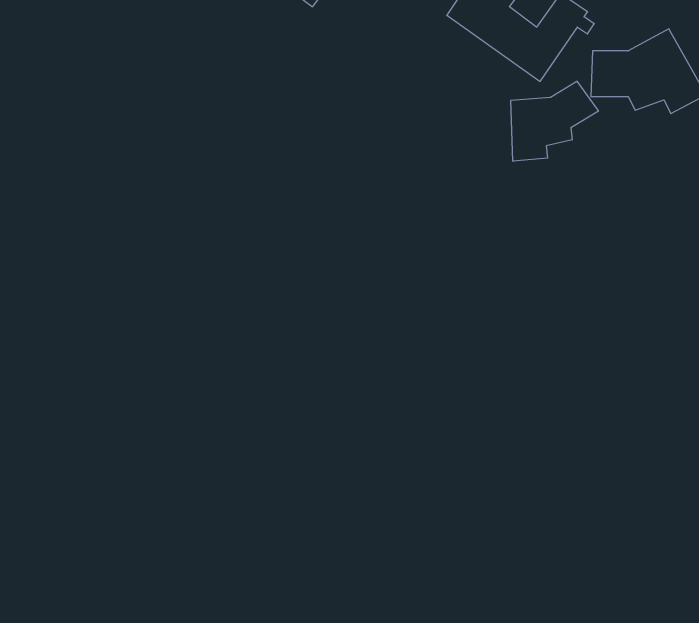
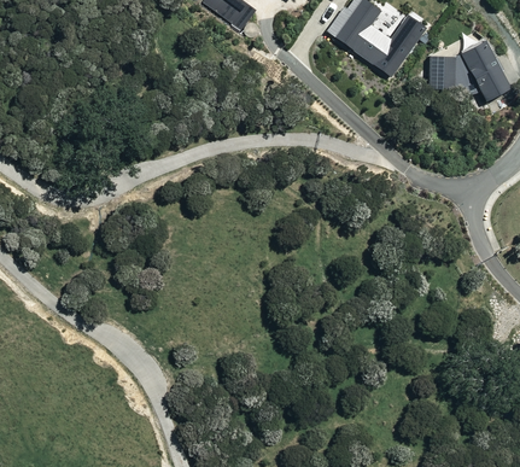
building: [511,81,598,161] -> none

